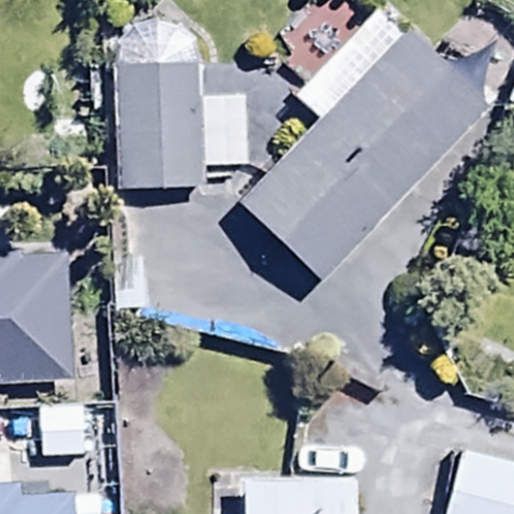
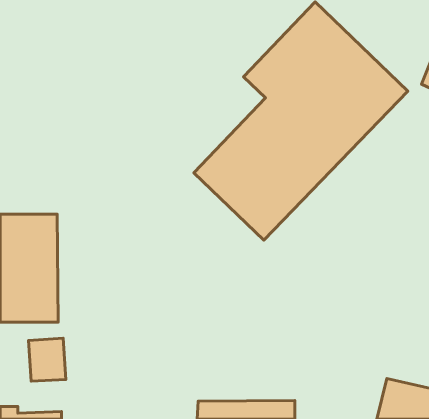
building: [113,21,245,187] -> none

